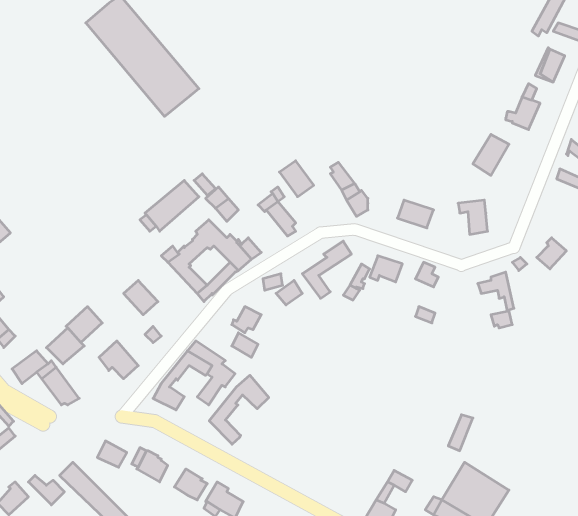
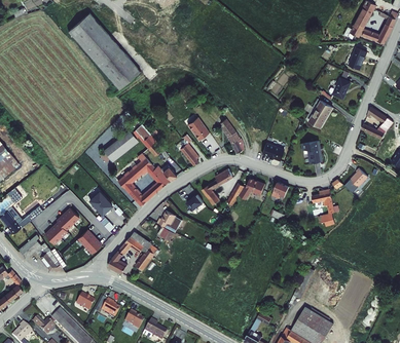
building: [209,375,269,444] -> none

